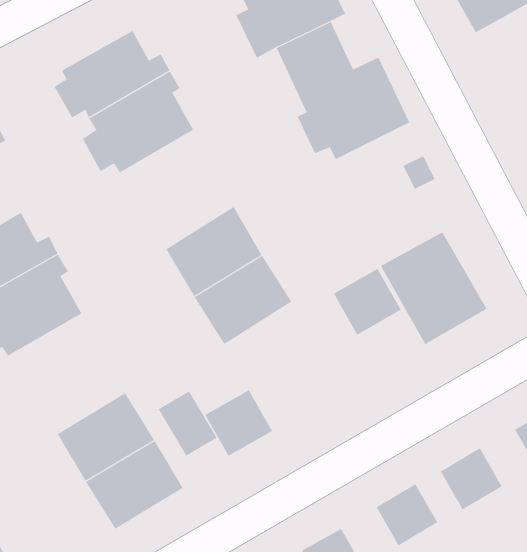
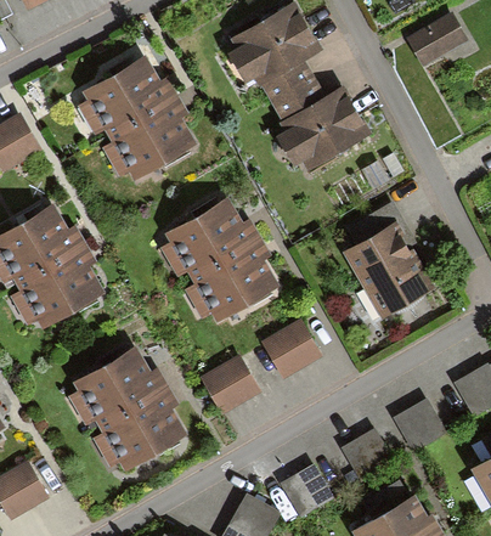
building: [333,268,402,335] -> [263,320,318,374]
building: [158,390,218,457] -> none

